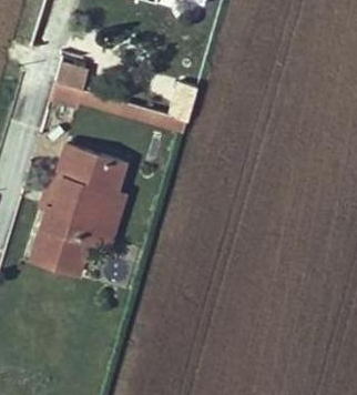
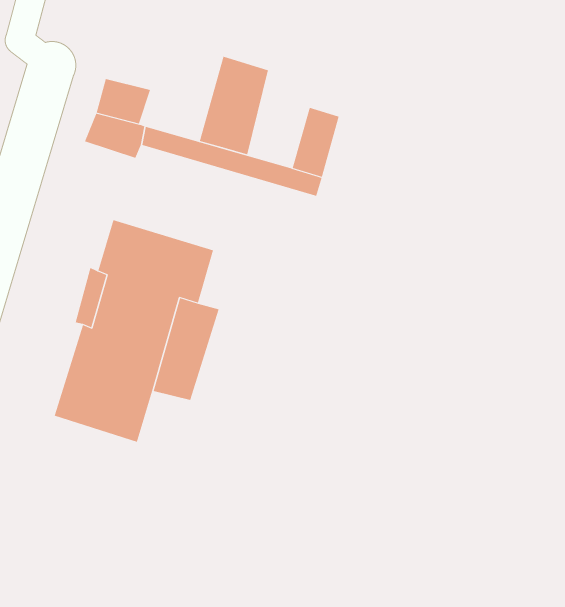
building: none -> [199,56,268,155]

